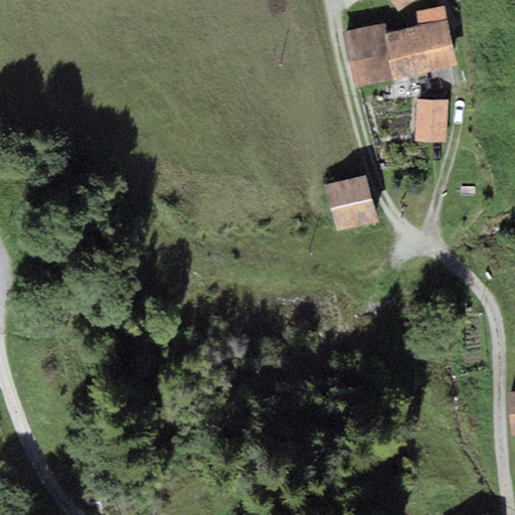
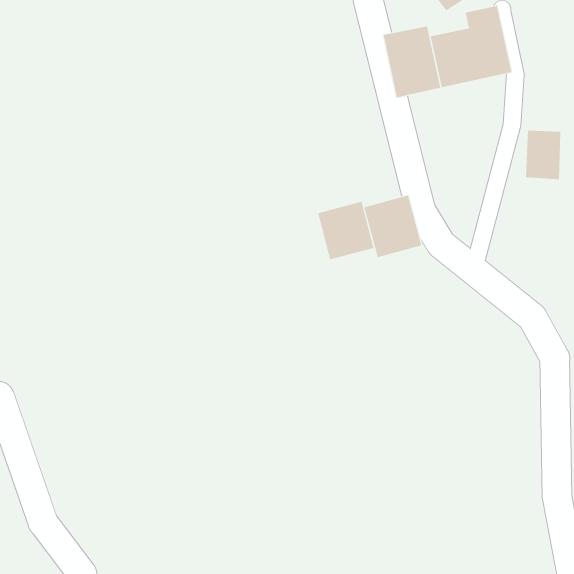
building: [414,98,447,142] -> [525,130,561,180]
building: none -> [317,201,374,260]

